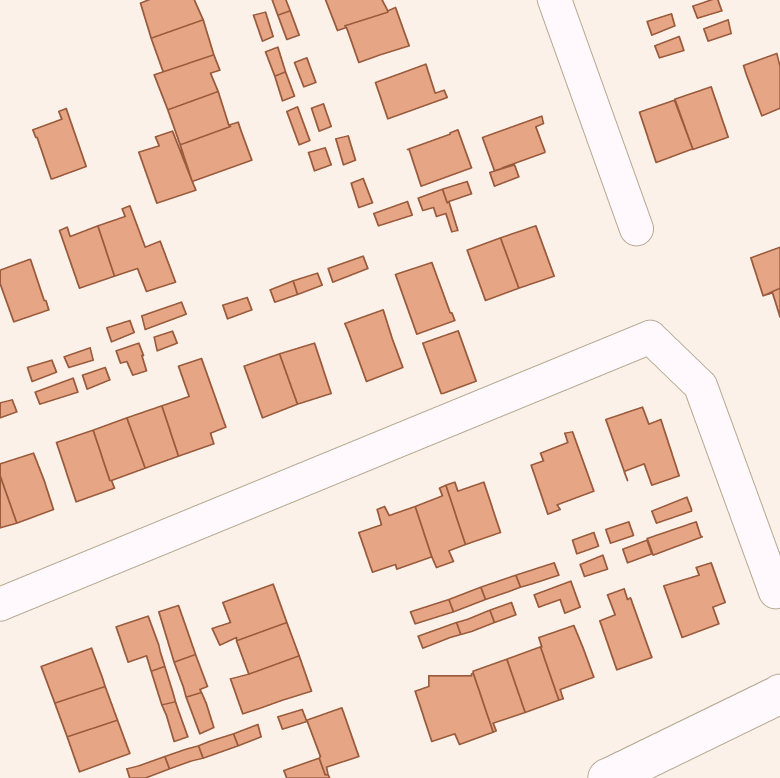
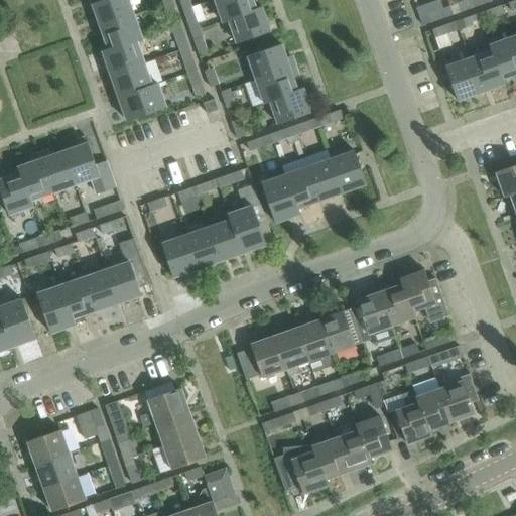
building: [639,100,693,163] -> [470,49,505,91]
building: [33,109,86,179] -> [17,152,52,199]
building: [482,116,545,171] -> [256,64,297,101]
building: [139,131,196,203] -> none
building: [423,331,476,393] -> [285,165,320,207]
building: none -> [208,219,242,260]
building: none -> [378,277,414,325]
building: none -> [319,304,362,352]
building: none -> [416,387,450,434]

